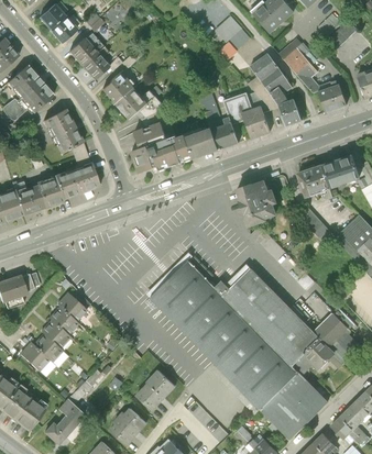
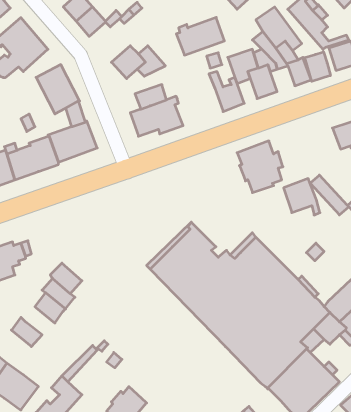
building: [101,71,133,104] -> none
building: none -> [305,52,330,81]
building: [174,129,219,164] -> [176,17,224,55]
building: [298,166,332,200] -> [284,179,320,215]
building: [34,334,65,364] -> none
building: [136,370,177,412] -> none

